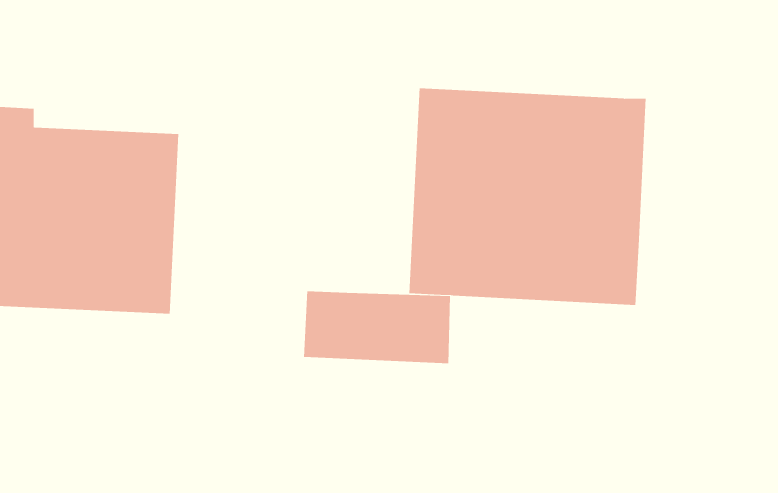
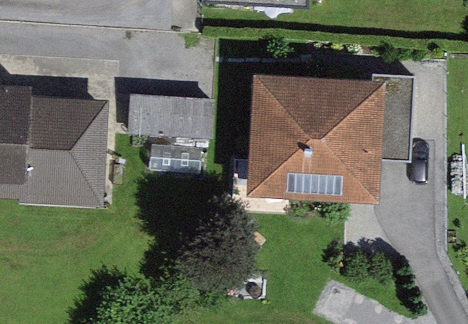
building: none -> [369,70,415,162]
building: [303,291,451,364] -> [127,97,214,140]

